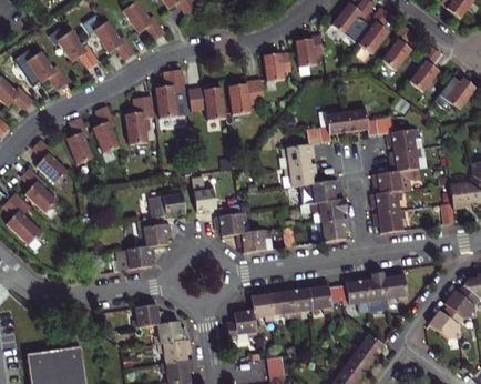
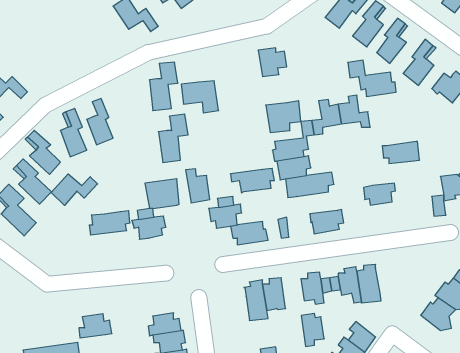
building: [90,22,135,58] -> none
building: [52,31,99,65] -> none
building: [298,38,326,67] -> none
building: [22,52,68,87] -> none
building: [227,81,263,113] -> [266,101,301,133]
building: [124,97,154,145] -> [158,114,188,162]
building: [376,117,424,153] -> [348,60,396,96]
building: [372,169,420,193] -> none
building: none -> [51,174,98,205]
building: [304,199,348,223] -> [230,168,274,193]
building: [373,210,407,233] -> none
building: [114,246,155,271] -> [89,211,130,235]
building: [383,270,408,302] -> none
building: [288,284,311,317] -> [301,313,324,346]
building: [132,304,165,329] -> [79,314,112,338]
building: [226,305,257,342] -> none

